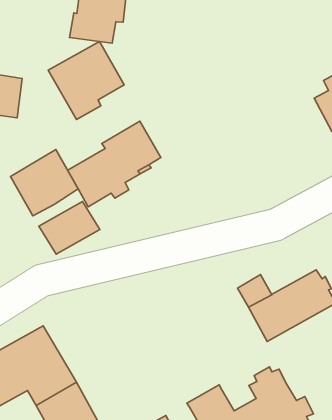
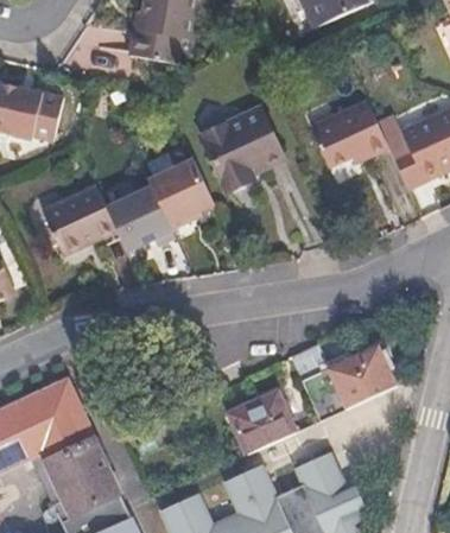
building: [48,42,124,119] -> [201,108,285,193]
building: none -> [311,100,391,165]
building: [39,201,100,254] -> none
building: none -> [229,389,296,451]

